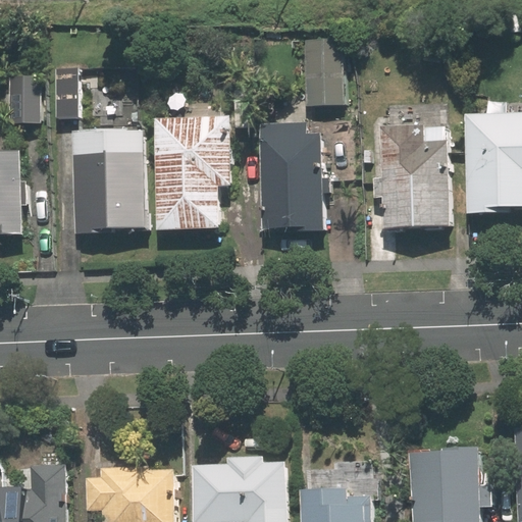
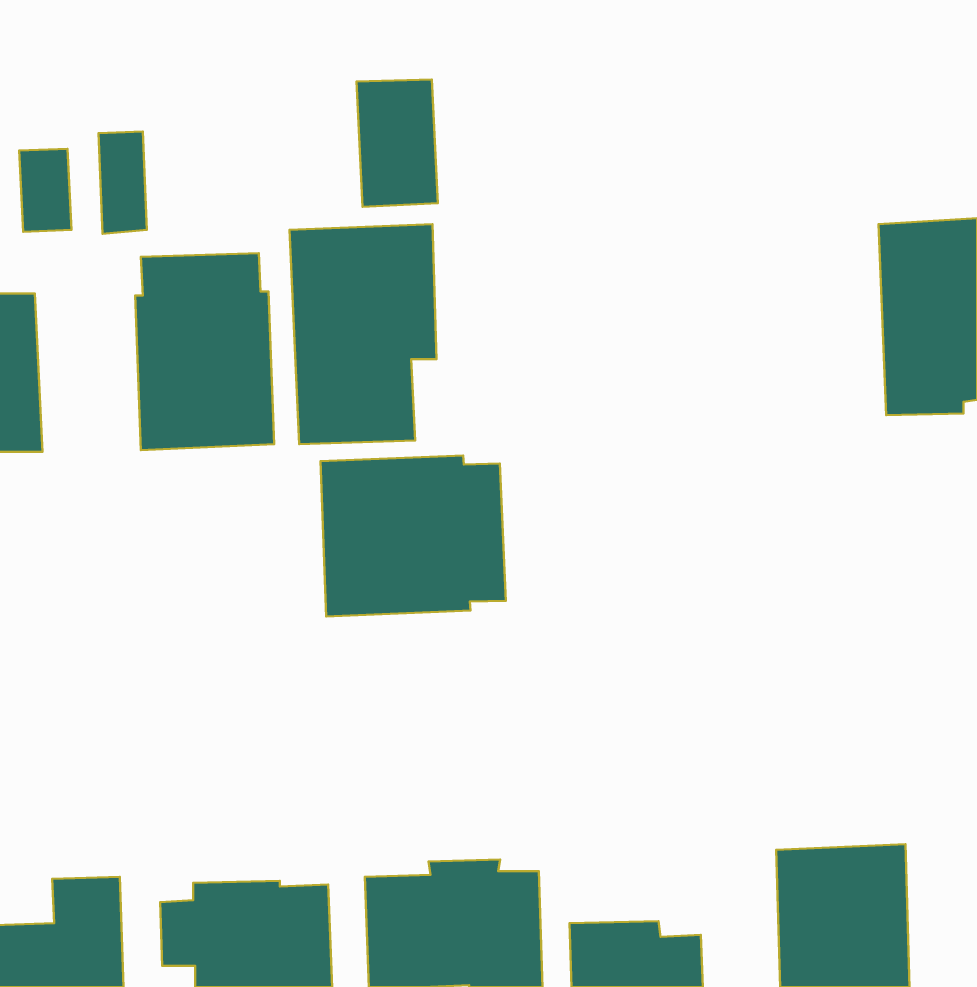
building: [301,42,344,109] -> [357,79,438,207]
building: [259,125,323,236] -> none
building: [373,128,450,234] -> none
building: none -> [321,455,506,617]

